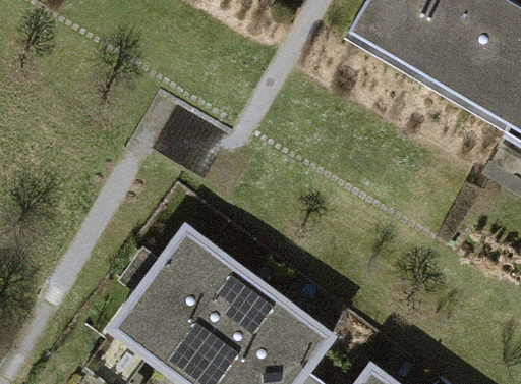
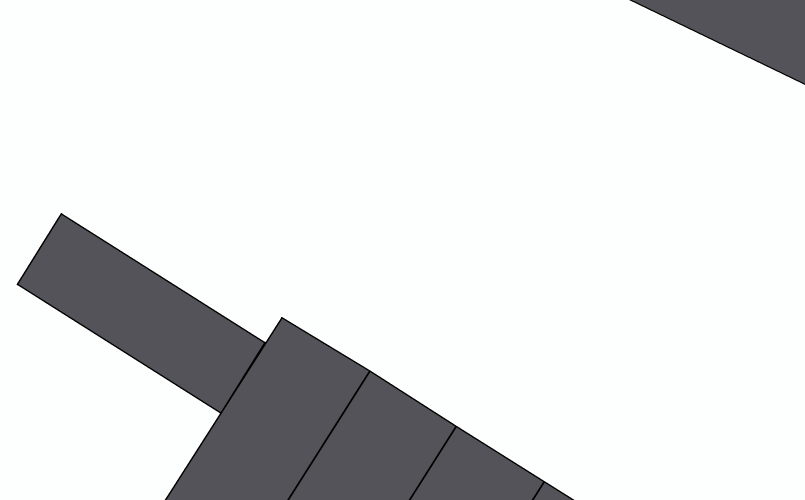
building: none -> [17,214,265,413]

